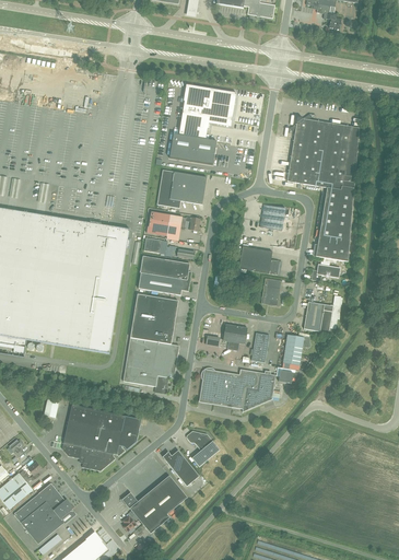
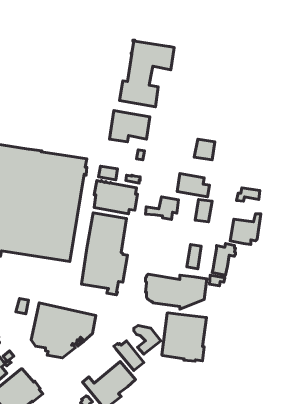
building: [286,114,359,261] -> none
building: [145,211,185,235] -> none
building: [206,324,246,351] -> [145,197,179,219]
building: none -> [162,313,206,361]

